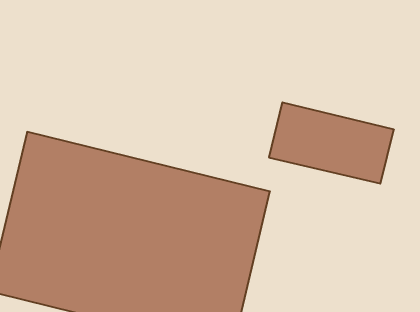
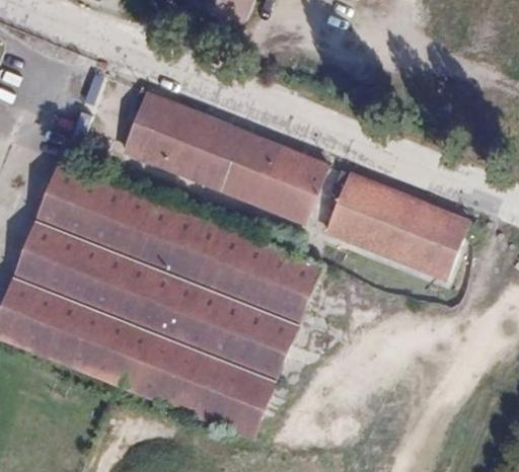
building: none -> [125,93,325,225]

